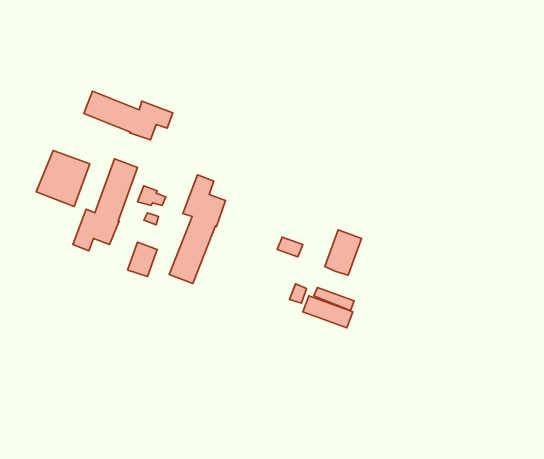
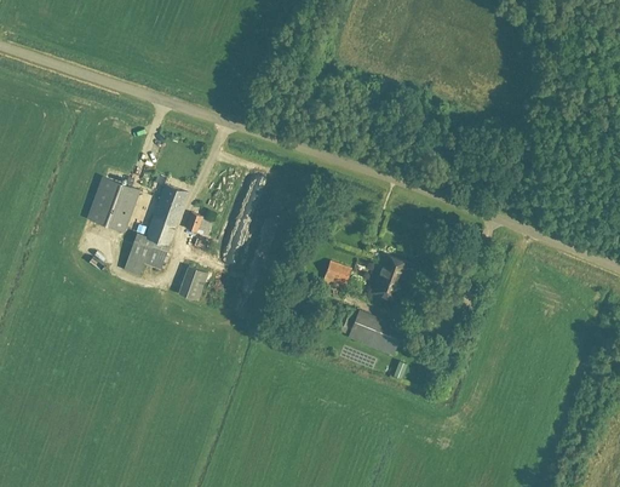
building: [84,91,173,140] -> none
building: [169,175,225,284] -> none

